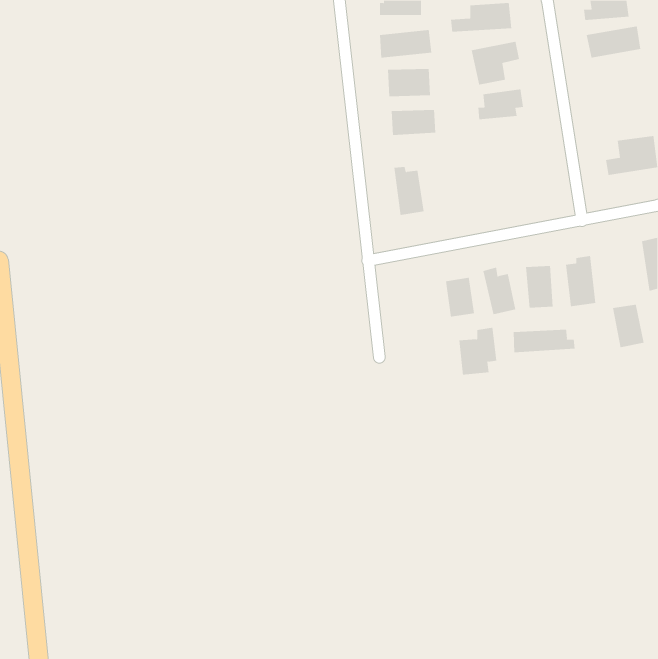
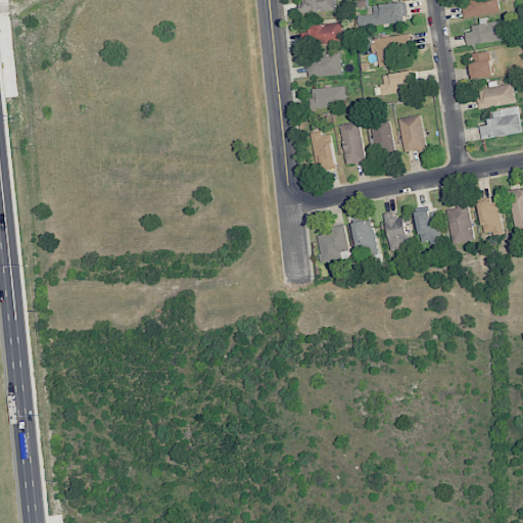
building: none -> [469,51,493,80]
building: none -> [477,83,515,108]
building: none -> [397,114,427,153]
building: none -> [368,120,395,156]
building: none -> [341,123,364,164]
building: [612,304,644,348] -> [477,200,503,235]
building: [458,327,497,375] -> [317,225,347,263]
building: [513,329,575,353] -> none

